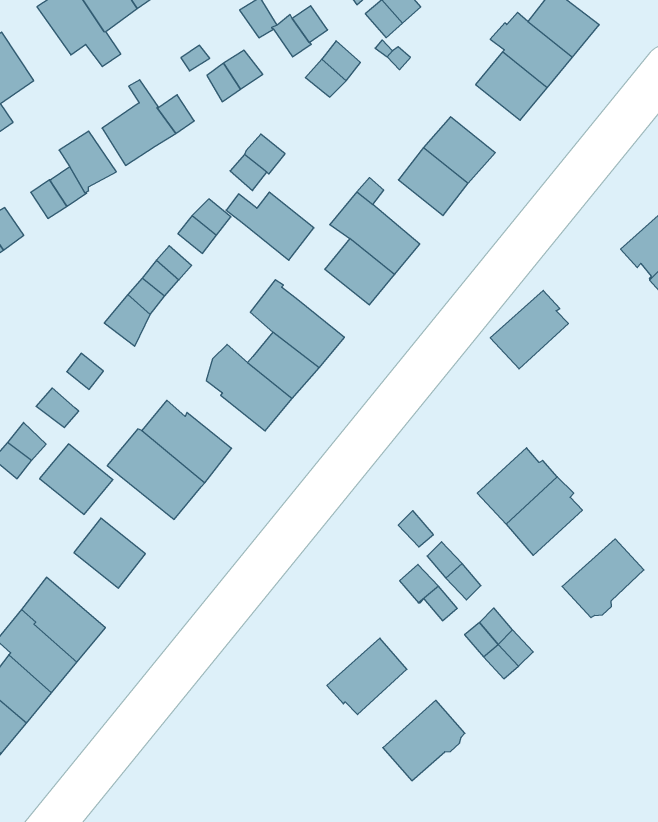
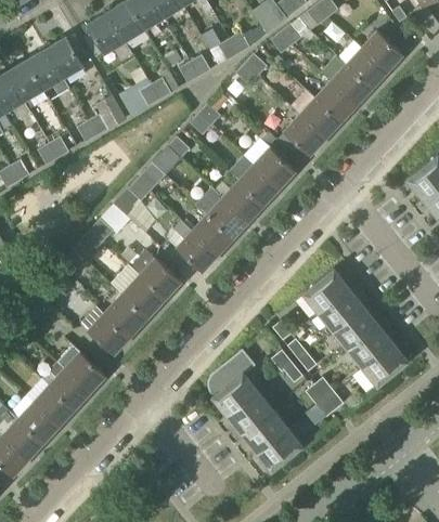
building: none -> [315,82,354,121]
building: [226,192,314,260] -> [215,181,263,220]
building: [490,290,568,369] -> [302,269,347,312]
building: [40,444,113,514] -> [105,295,146,335]
building: none -> [347,325,393,367]
building: none -> [208,350,258,415]
building: none -> [243,408,287,452]

